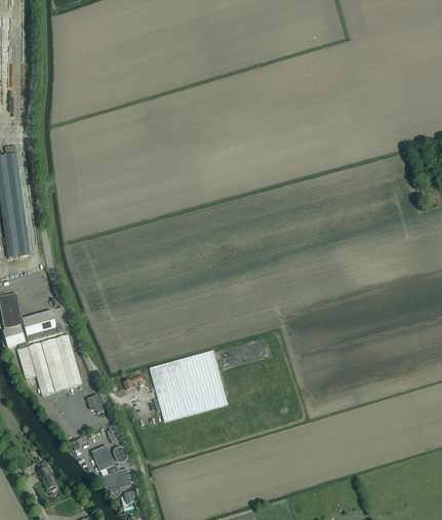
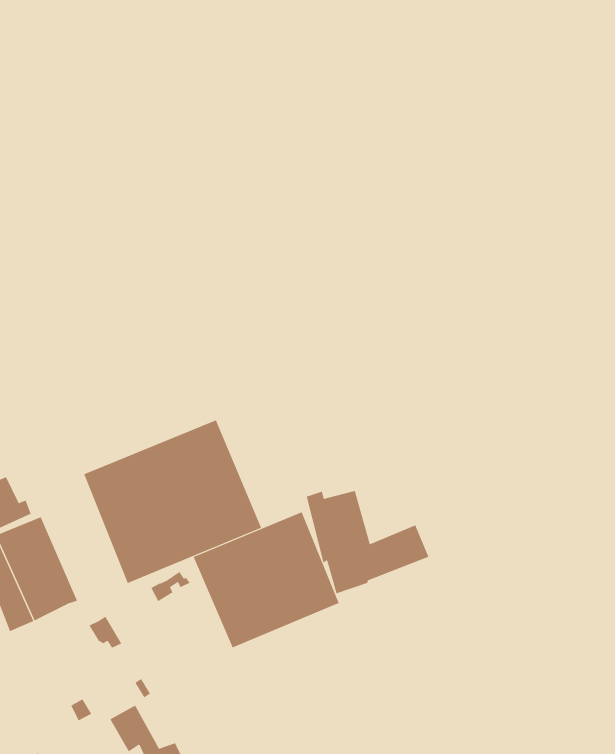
building: none -> [83,420,262,584]
building: none -> [306,490,429,594]

